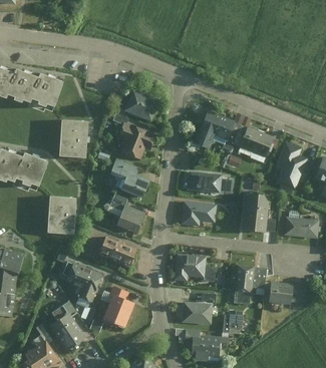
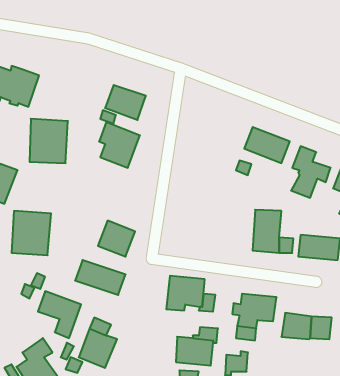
building: [197,111,234,145] -> none
building: [107,156,150,199] -> none
building: [184,169,219,192] -> none
building: [179,201,213,225] -> none

